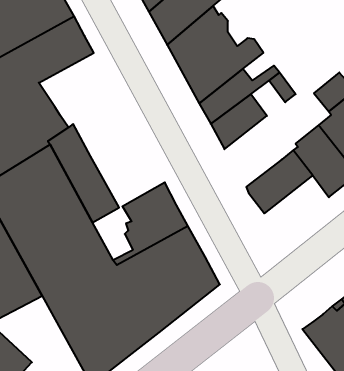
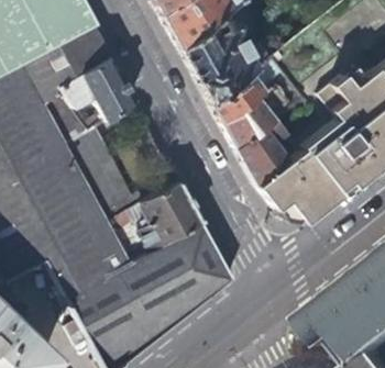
building: none -> [57,55,132,115]
building: none -> [235,115,290,183]
building: none -> [274,172,336,221]
building: none -> [109,202,147,254]

